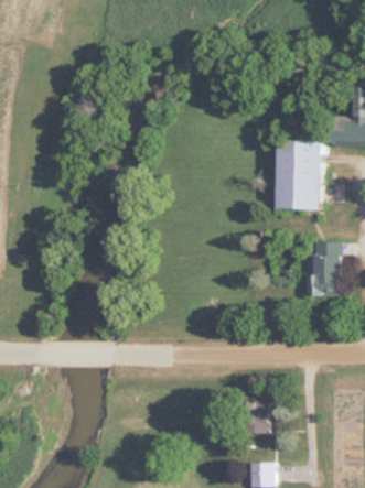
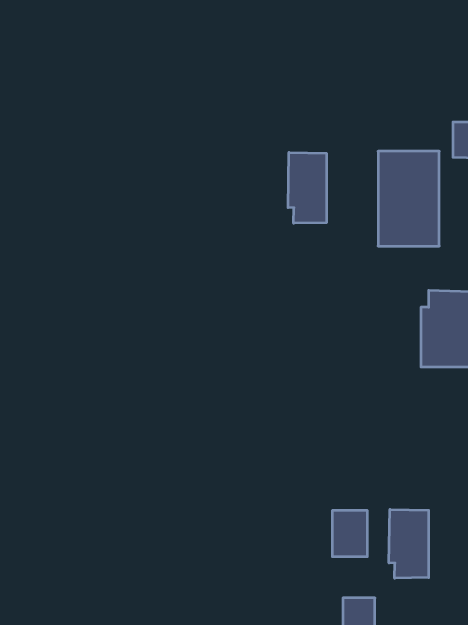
building: none -> [288,152,326,223]
building: none -> [389,509,429,578]

